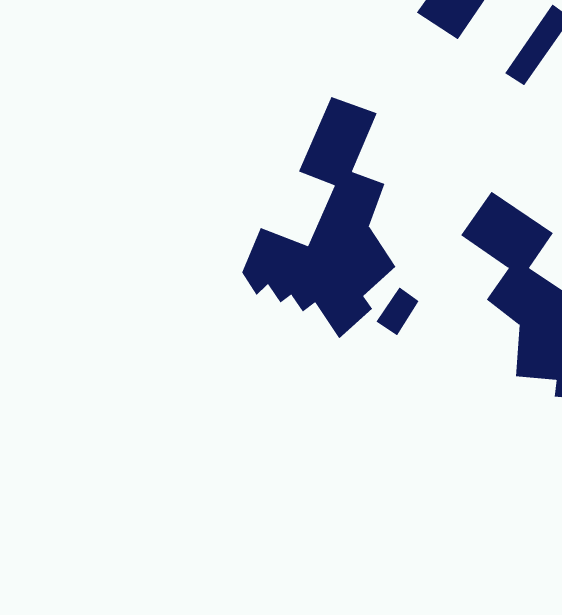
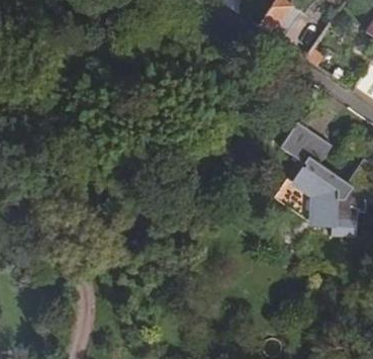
building: [242,96,396,339] -> none

